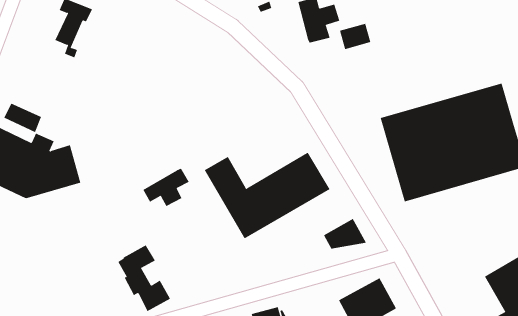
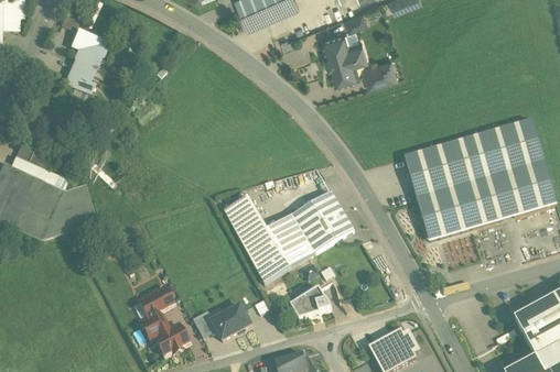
building: [143,168,190,207] -> none
building: [323,218,367,249] -> [288,286,333,318]
building: none -> [206,299,248,337]

